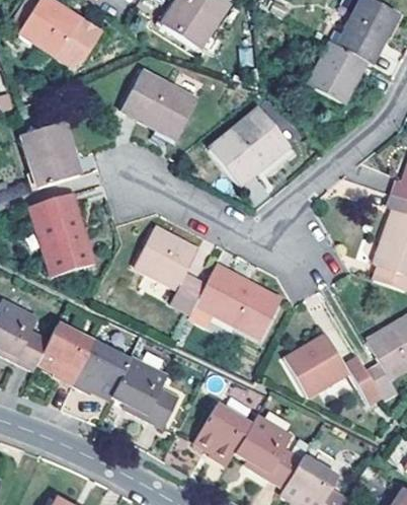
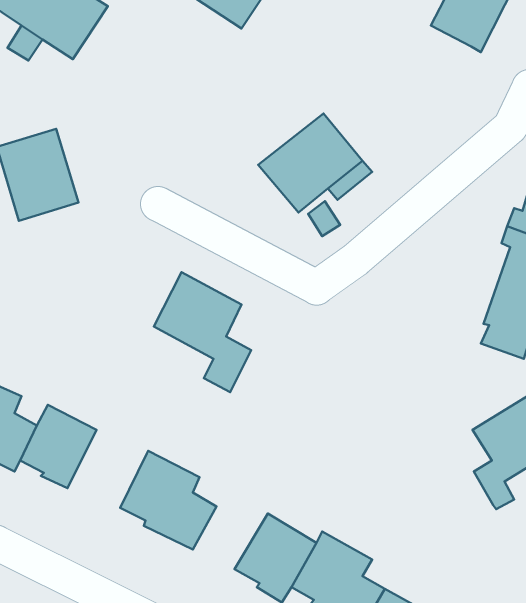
building: [309,43,364,100] -> none
building: [121,71,195,138] -> none
building: [28,193,93,276] -> none
building: [194,262,280,336] -> none
building: [283,333,381,402] -> none
building: [71,340,129,396] -> none

